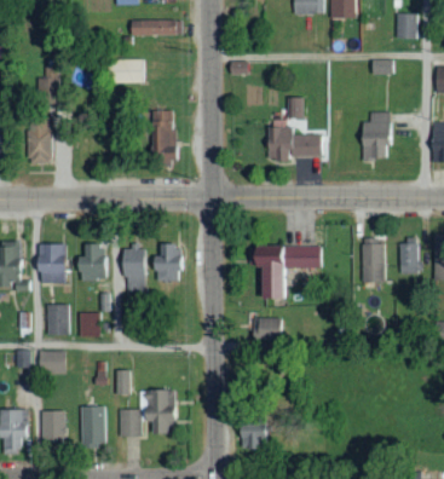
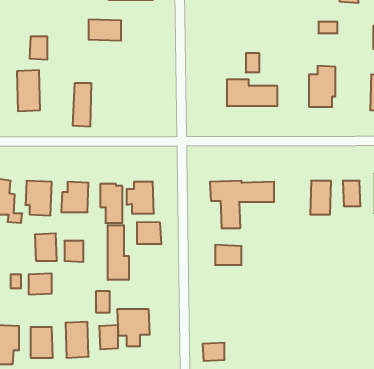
building: [154,110,175,160] -> [73,83,91,126]
building: none -> [137,222,161,244]
building: none -> [108,225,129,280]

